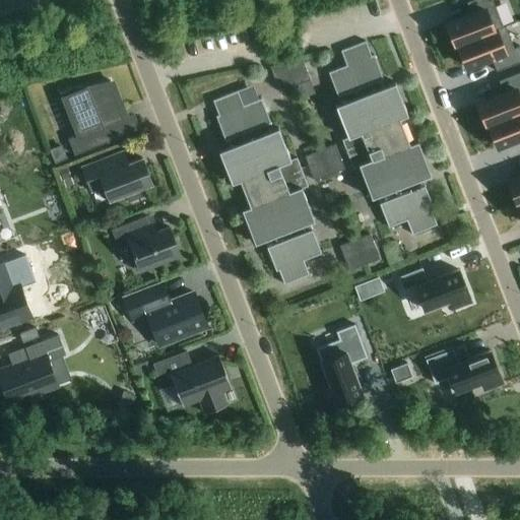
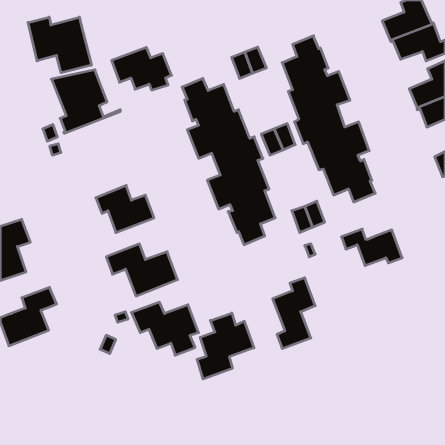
building: none -> [28,17,91,73]
building: [82,151,152,201] -> [112,47,172,90]
building: [426,348,502,393] -> none
building: none -> [197,313,254,379]

